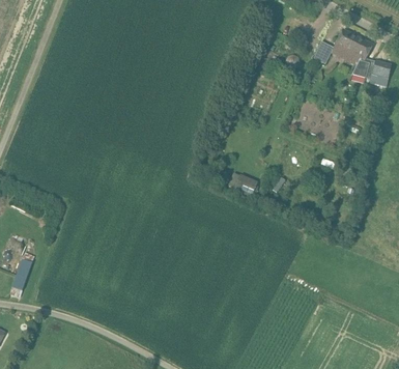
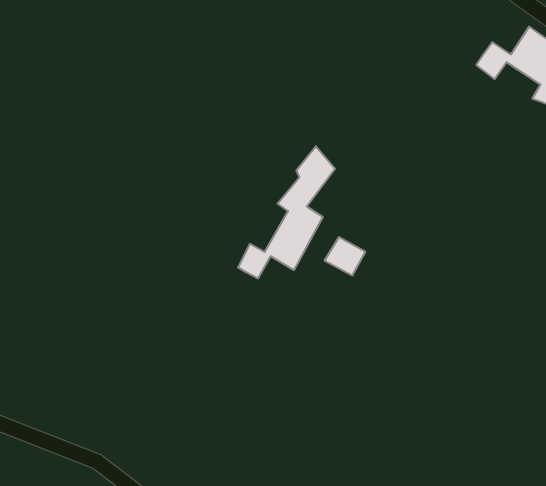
building: none -> [238,146,335,278]

